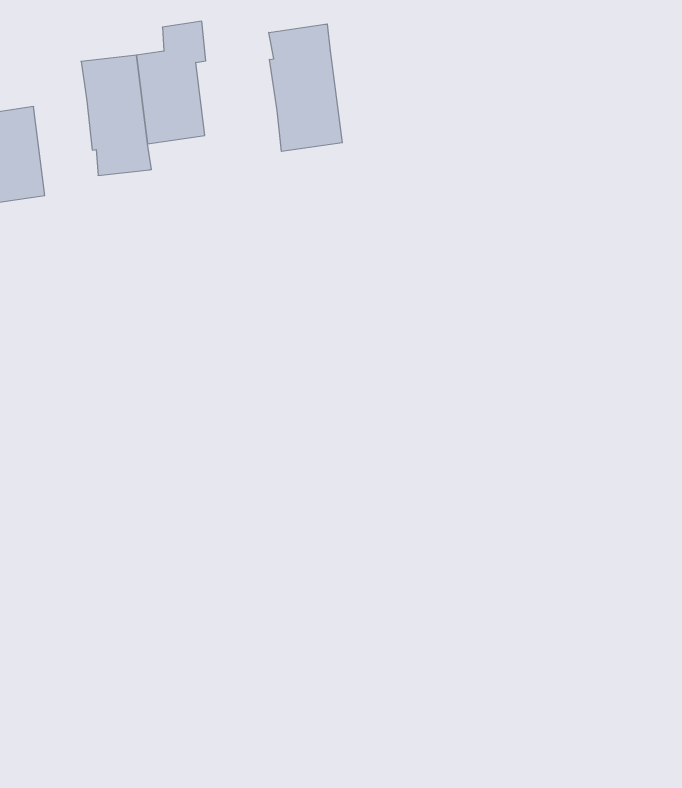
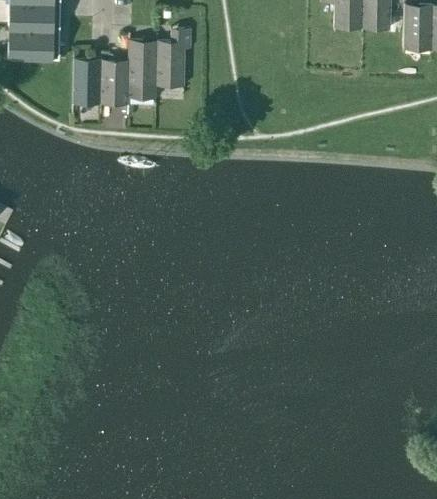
building: [269,24,342,151] -> none
building: none -> [101,60,130,106]

